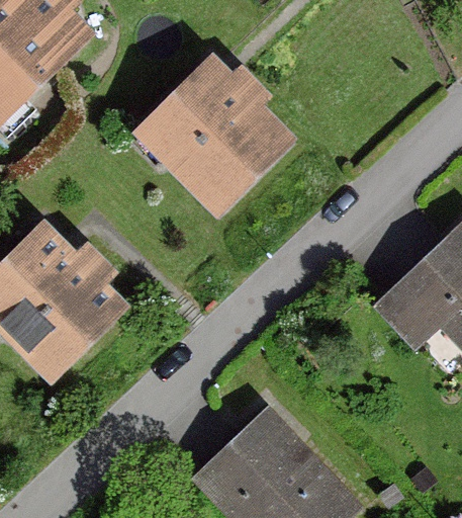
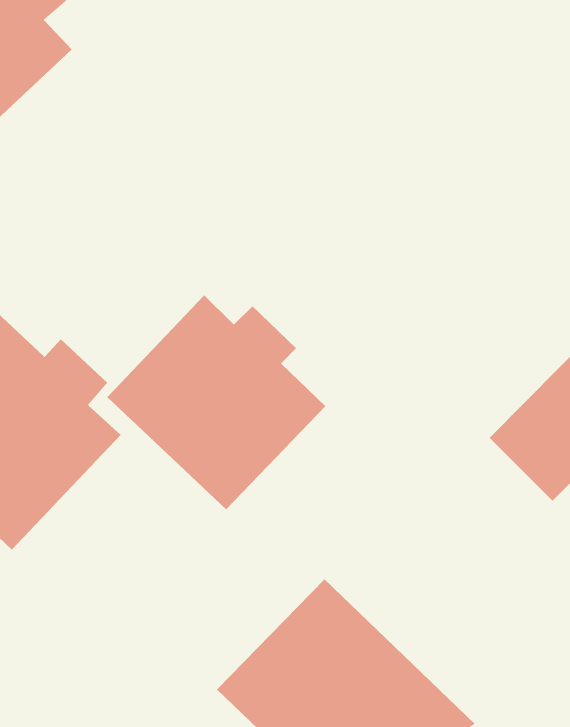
building: [133,56,294,218] -> none
building: none -> [106,294,326,510]

